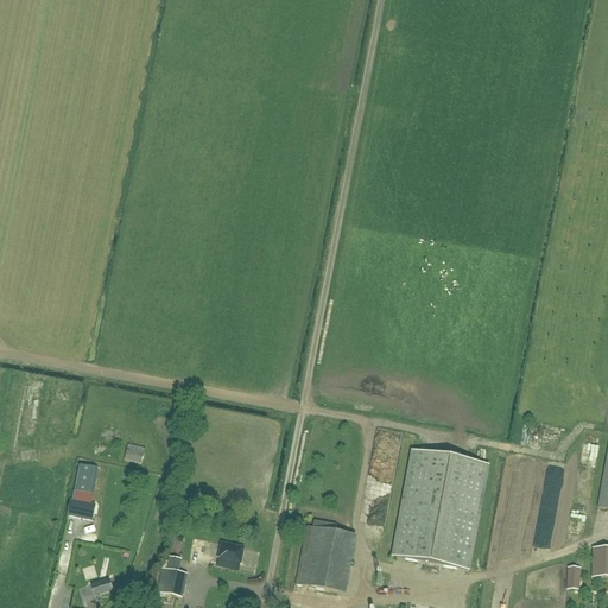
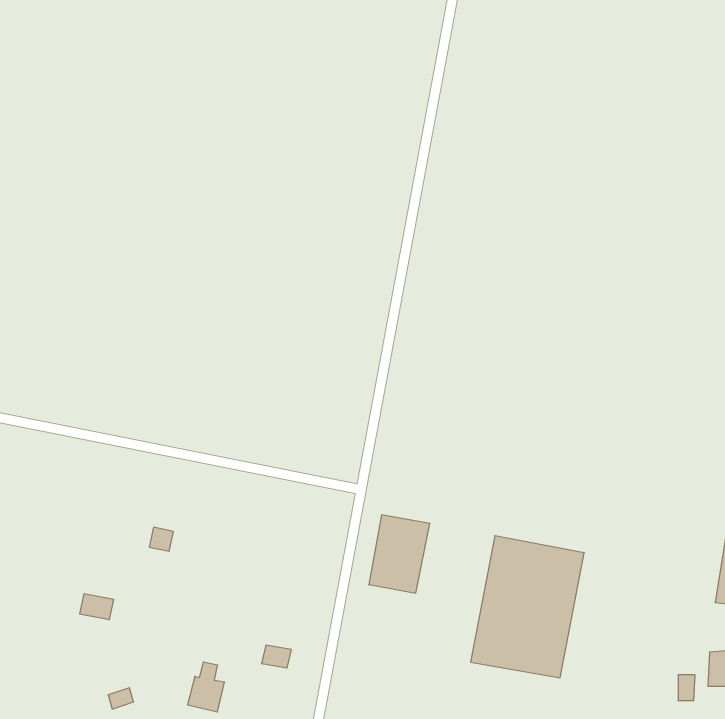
building: [76,462,100,492] -> none
building: [297,524,348,589] -> [369,515,430,593]

